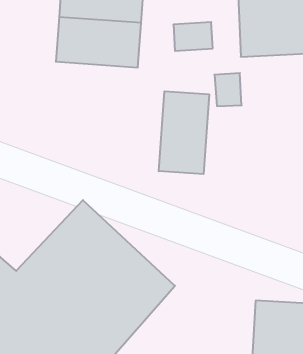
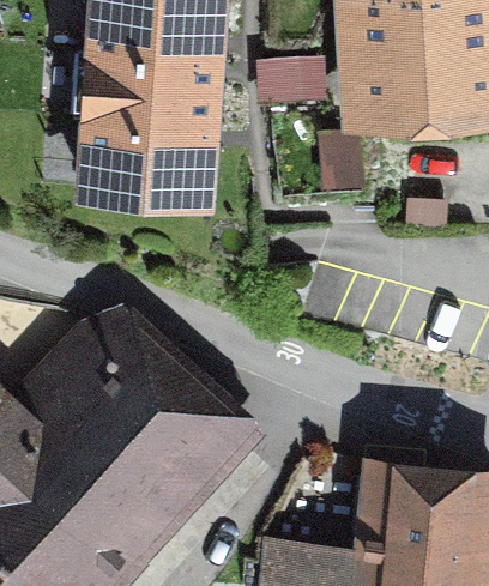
building: none -> [81,114,206,191]
building: [159,91,209,174] -> none

